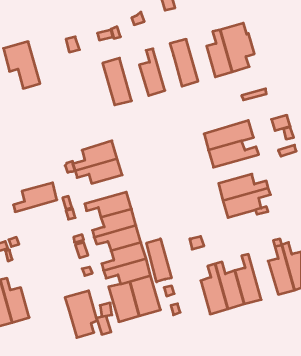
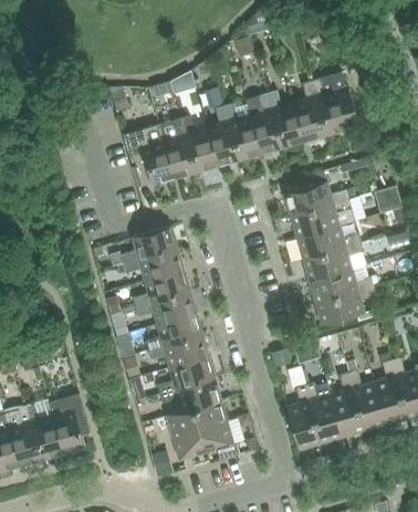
building: none -> [267,90,304,147]
building: [3,42,40,88] -> [126,124,174,185]
building: none -> [223,103,261,159]
building: none -> [180,115,218,173]
building: none -> [283,180,347,216]
building: none -> [302,242,363,280]
building: [13,183,57,212] -> [133,269,189,306]
building: [147,239,171,282] -> none
building: none -> [347,369,386,430]
building: [65,291,97,338] -> [48,393,90,453]

